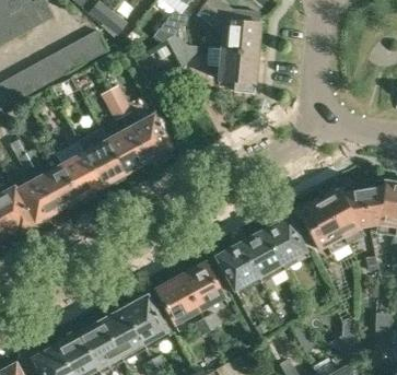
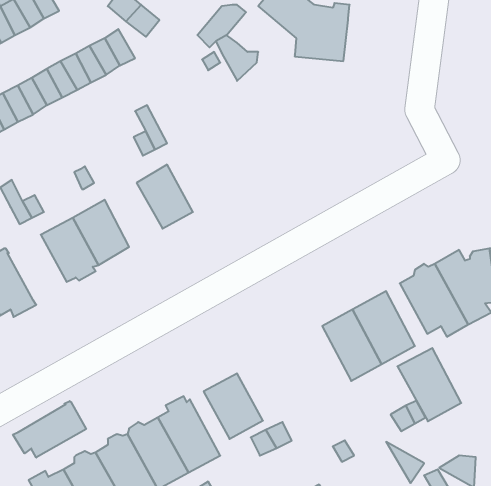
building: [206,46,258,91] -> none
building: [131,114,173,160] -> none
building: [86,139,128,185] -> none
building: [16,176,59,224] -> none
building: [218,242,264,294] -> [397,348,461,421]
building: [182,262,224,309] -> none
building: none -> [13,401,86,458]

